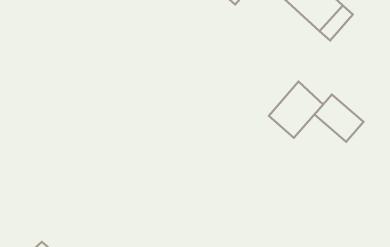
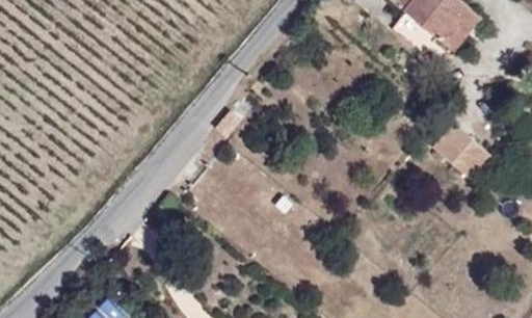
building: [269,81,323,138] -> none

